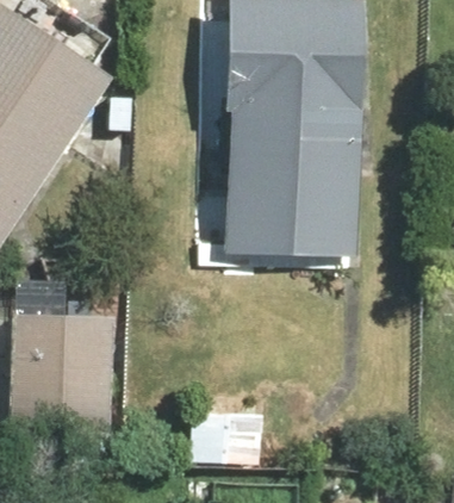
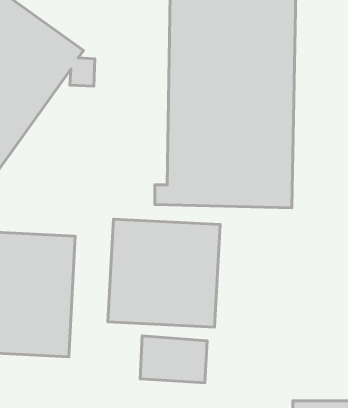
building: none -> [108,219,220,327]

